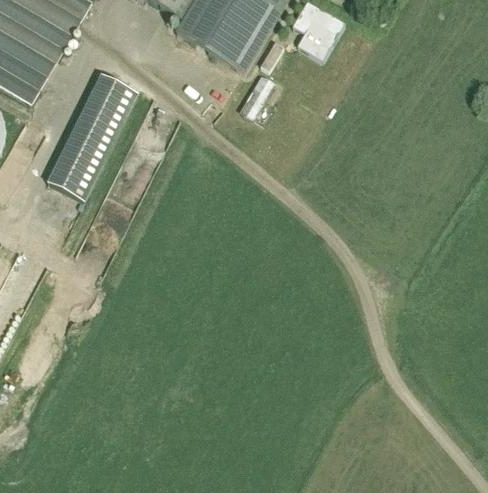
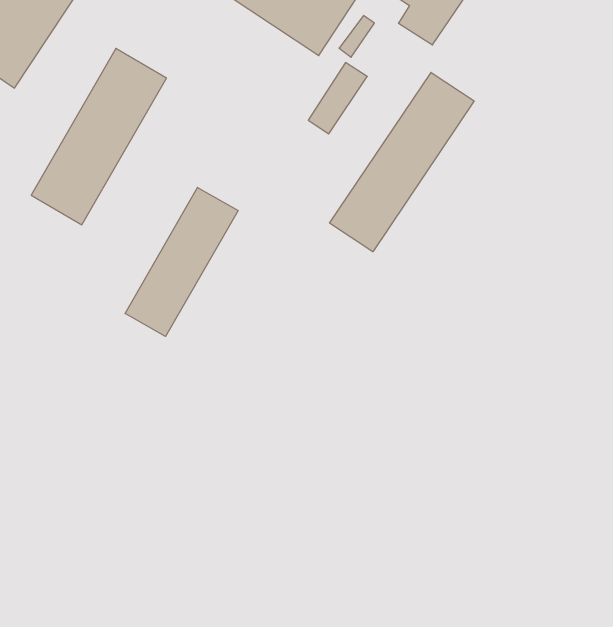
building: none -> [330,72,474,252]
building: none -> [125,187,238,336]

